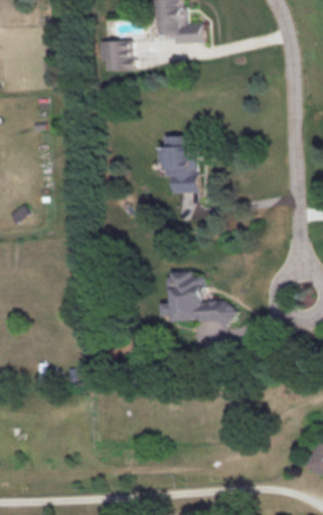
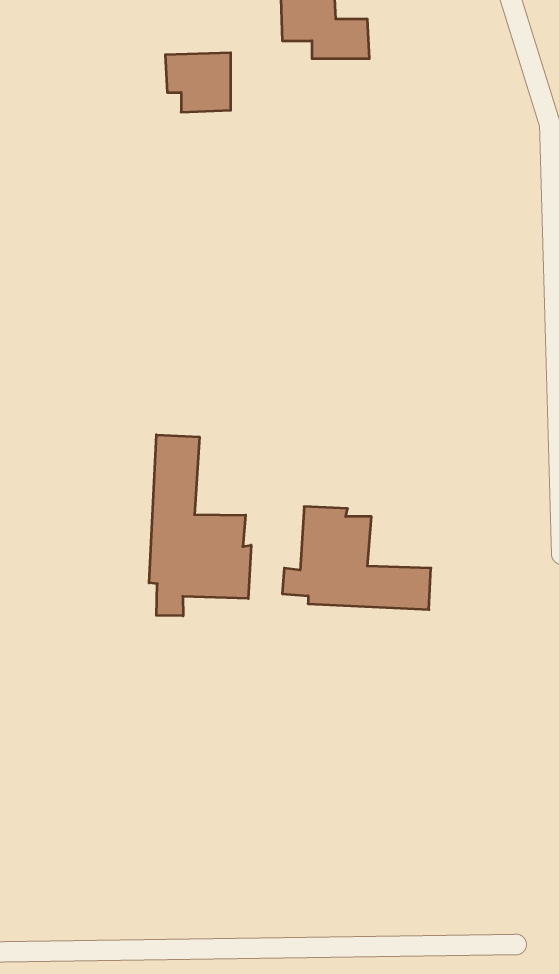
building: [159,135,195,193] -> none
building: none -> [149,435,251,616]

